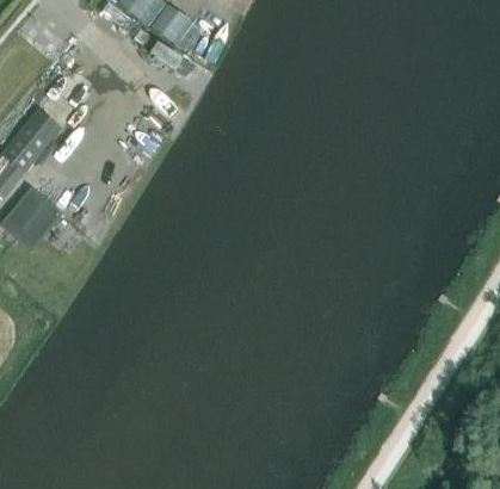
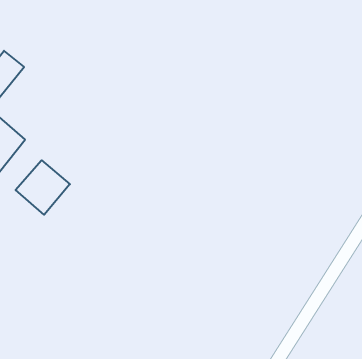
building: none -> [16,160,70,215]

